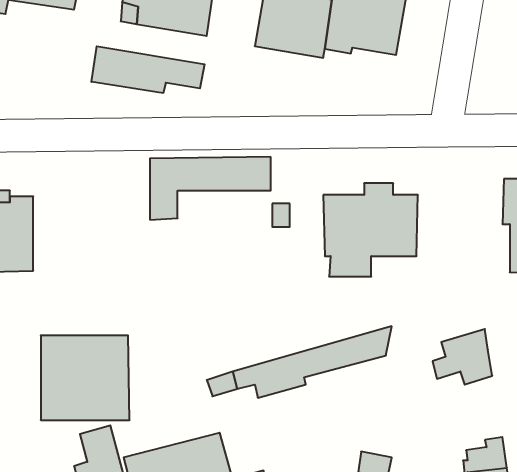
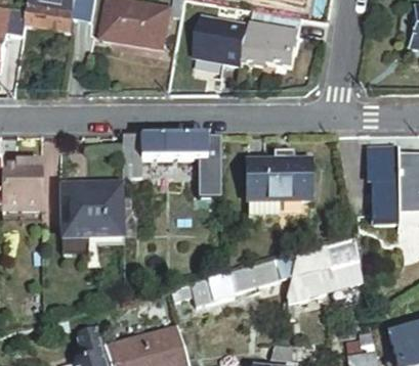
building: [91,46,205,93] -> none
building: none -> [284,235,357,301]
building: [41,335,130,420] -> [59,184,122,243]

